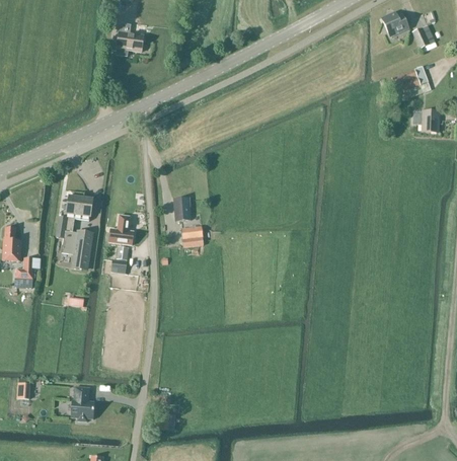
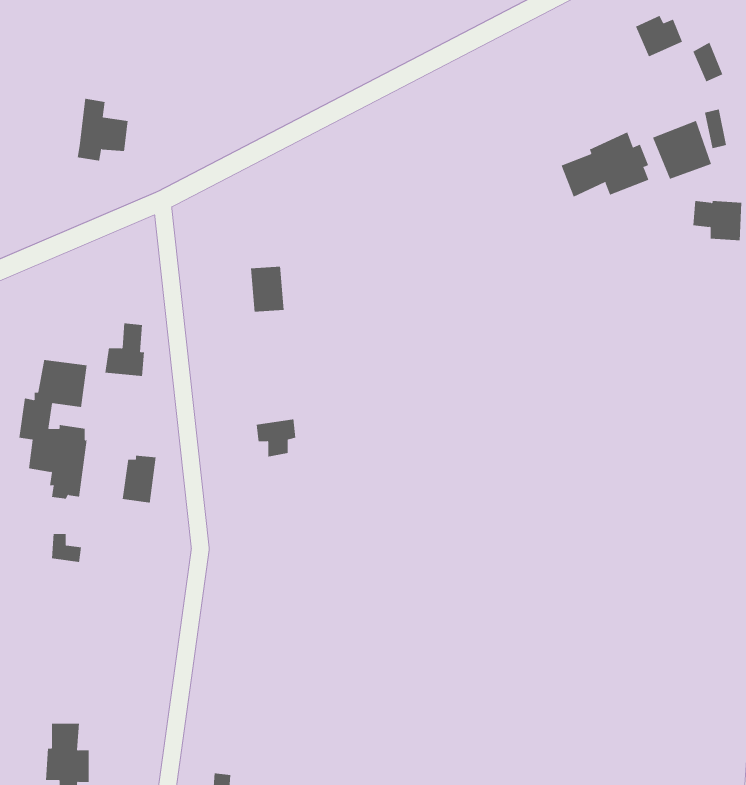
building: [117,22,144,56] -> [77,98,129,161]
building: none -> [561,132,649,197]
building: [174,197,193,221] -> [250,266,285,312]
building: [109,215,131,243] -> [104,323,145,377]

